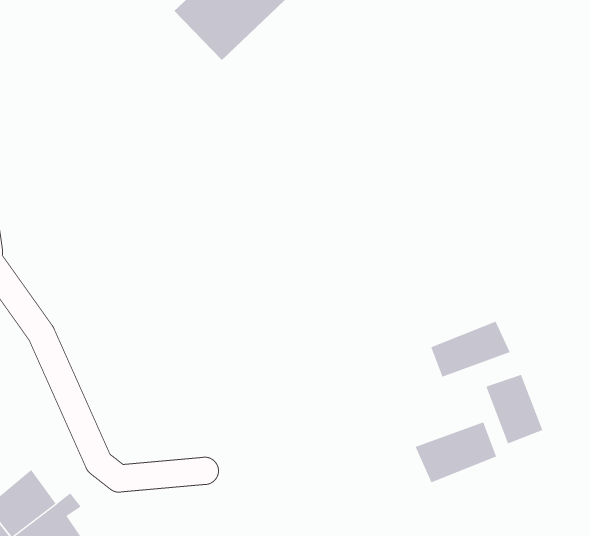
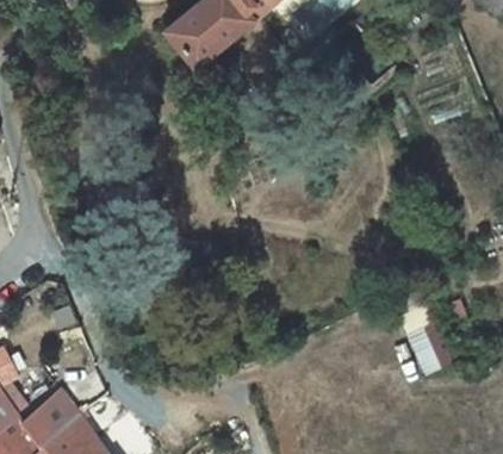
building: [431,321,510,377] -> none
building: [415,422,497,483] -> none

